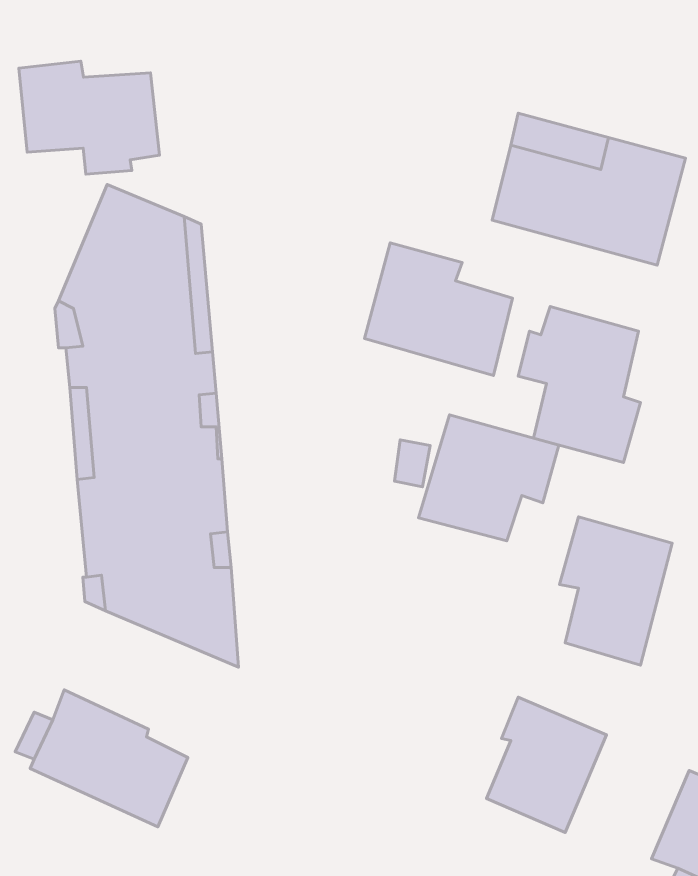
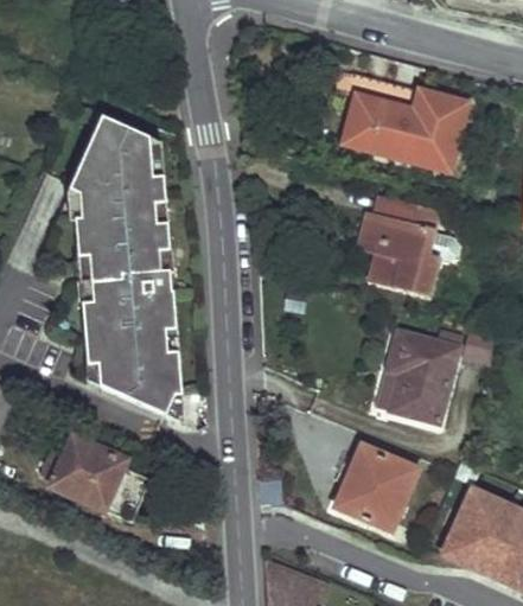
building: [19,61,160,174] -> none
building: [364,243,513,376] -> none
building: [419,415,559,541] -> none

